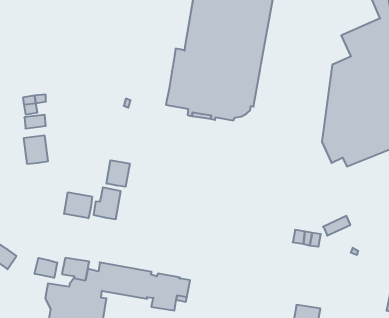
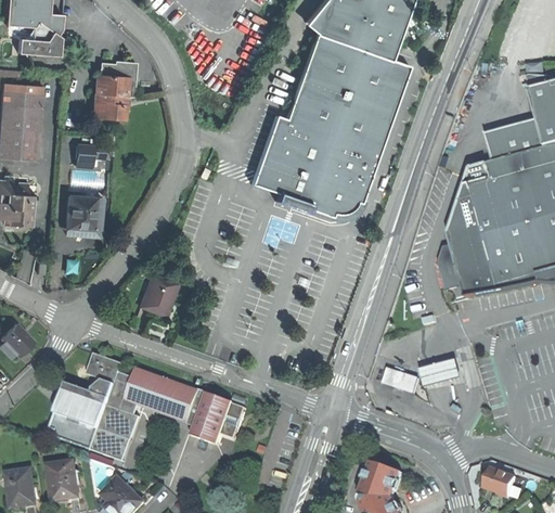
building: none -> [93,61,134,117]
building: [107,160,130,187] -> none
building: [64,192,92,218] -> none
building: [35,258,57,278] -> none

